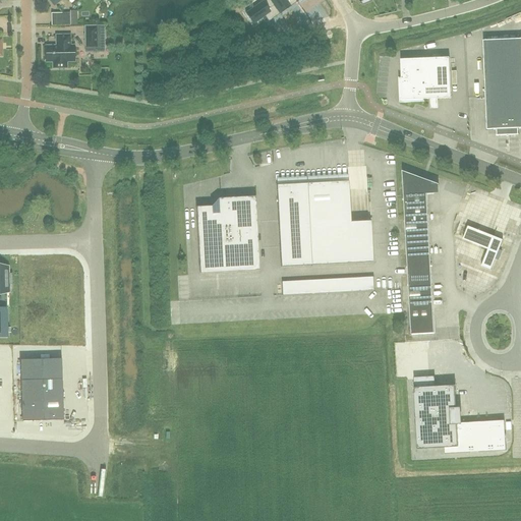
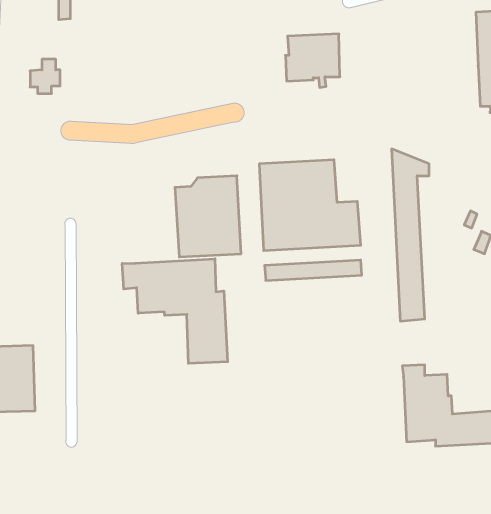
building: [46,34,74,66] -> [30,59,60,93]
building: [399,56,451,107] -> [285,34,340,87]
building: none -> [122,259,228,363]

